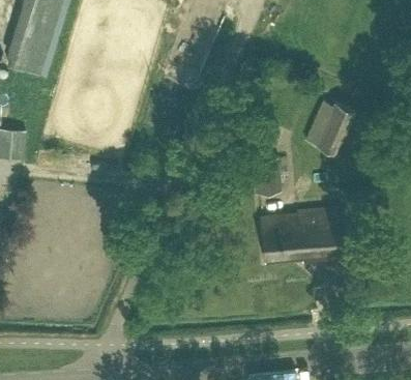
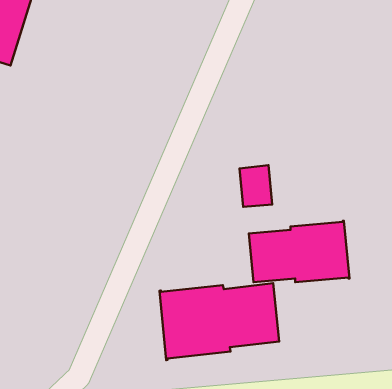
building: [303,97,354,153] -> none
building: none -> [159,283,279,360]

